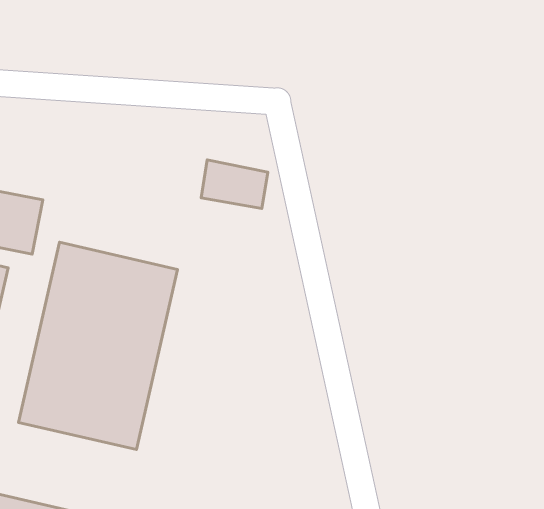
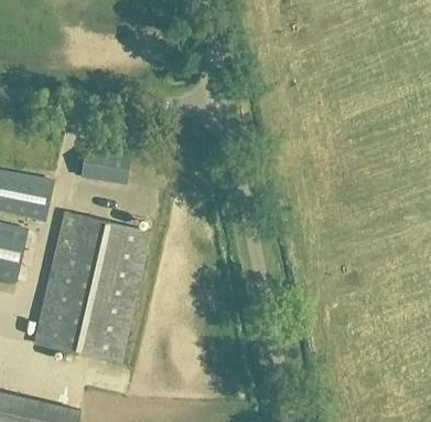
building: [201,160,268,208] -> [80,147,129,182]

